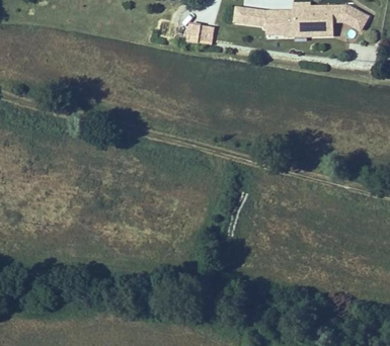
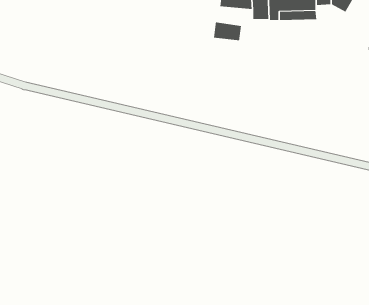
building: [186,23,216,42] -> [213,22,242,41]

